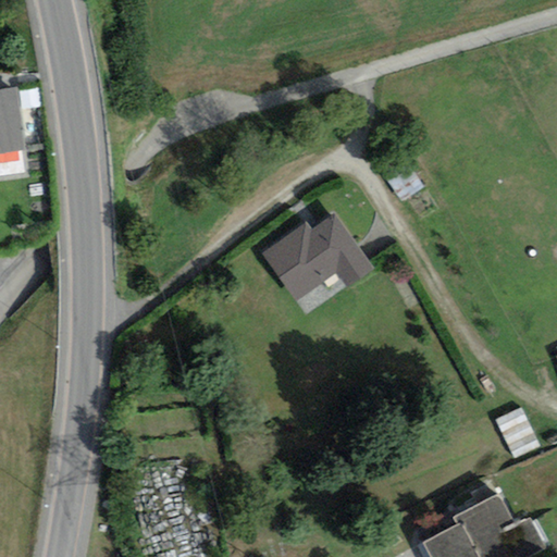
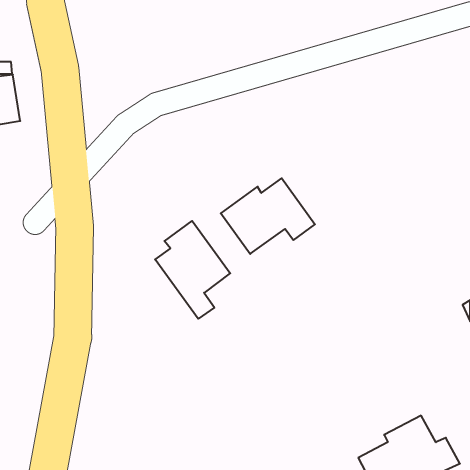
building: none -> [155,221,230,319]
building: [498,410,540,459] -> none

